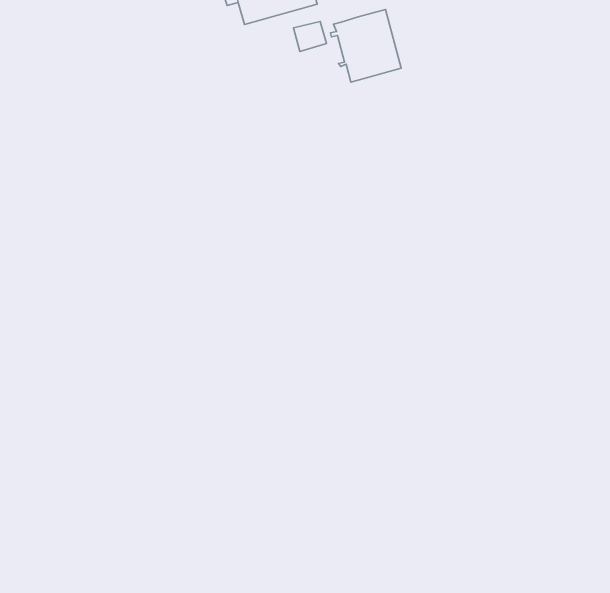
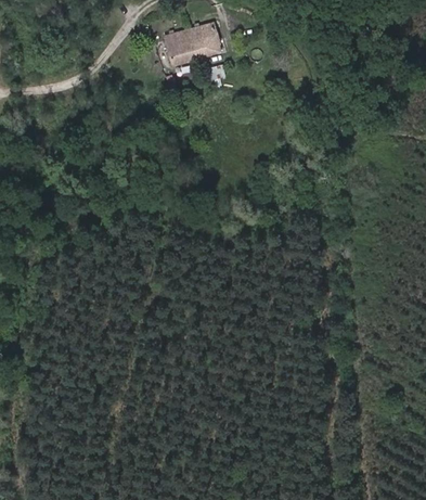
building: [331,10,401,82] -> none

